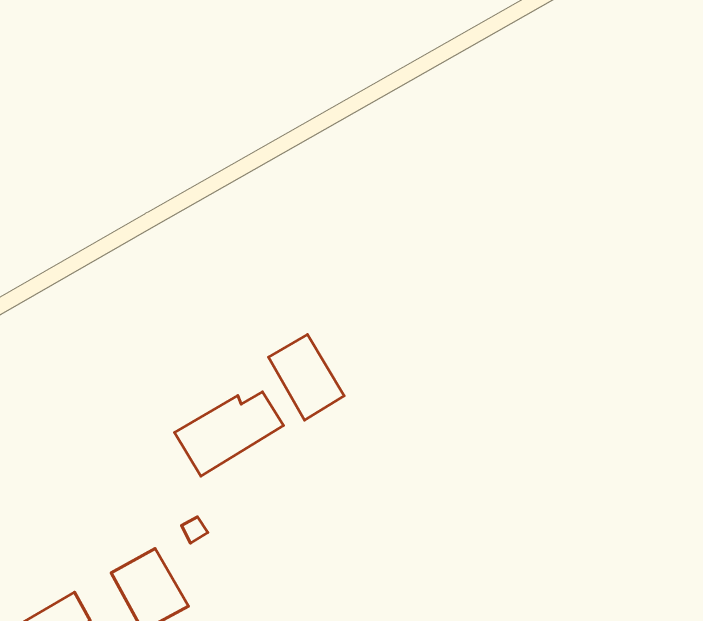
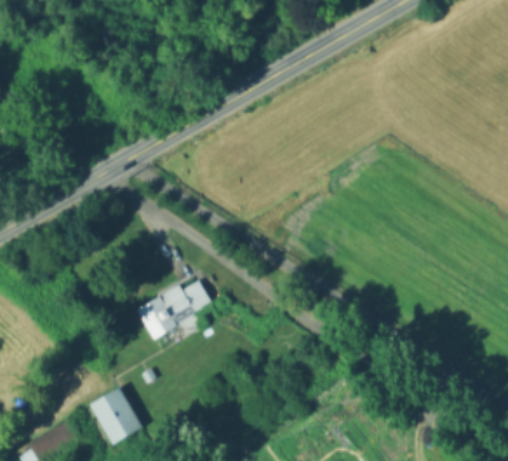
building: [268,334,344,420] -> none

